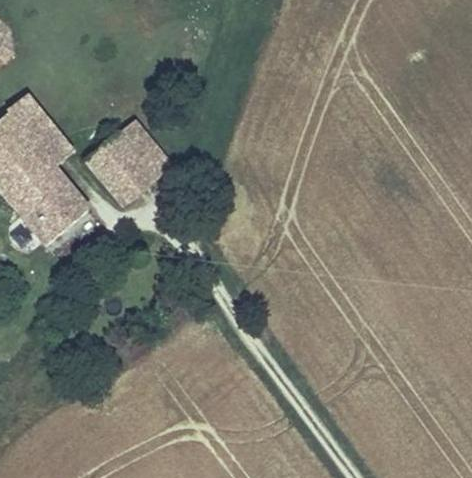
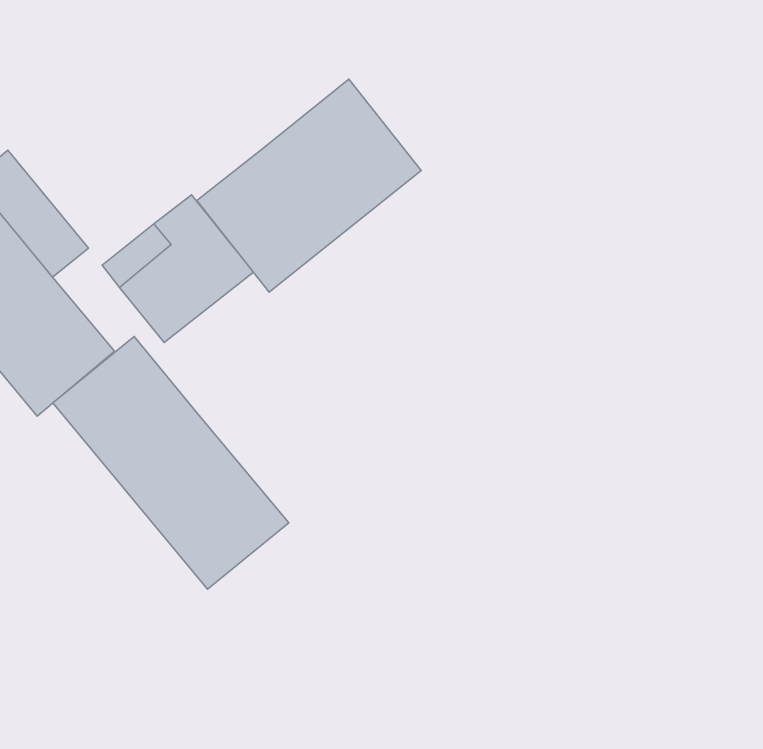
building: none -> [197,79,421,292]
building: none -> [53,337,289,589]

